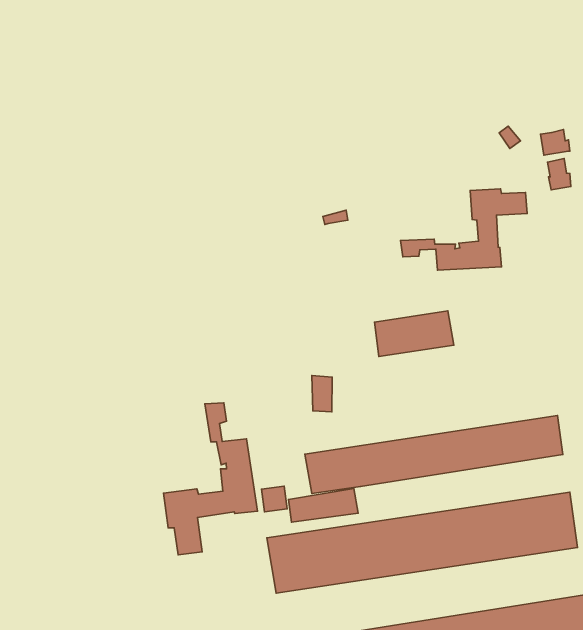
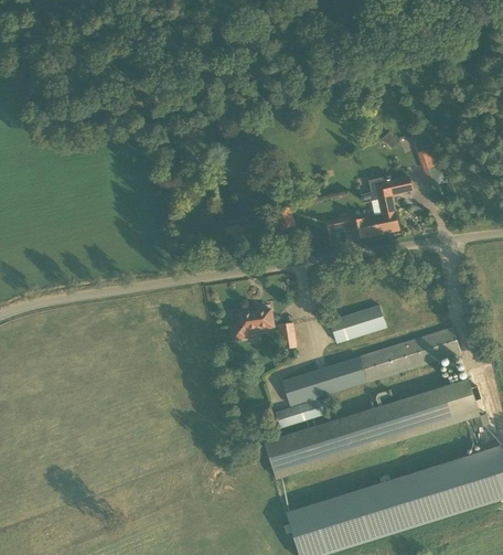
building: [374,311,454,356] -> [329,305,386,343]
building: none -> [228,308,274,341]
building: [163,403,257,555] -> none

